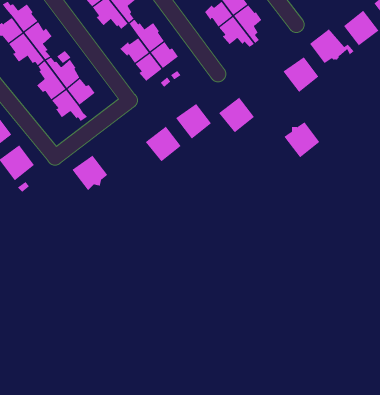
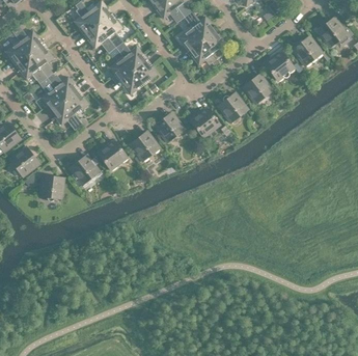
building: [283,122,320,158] -> [217,92,247,122]
building: none -> [97,140,127,169]
building: none -> [39,174,63,200]

